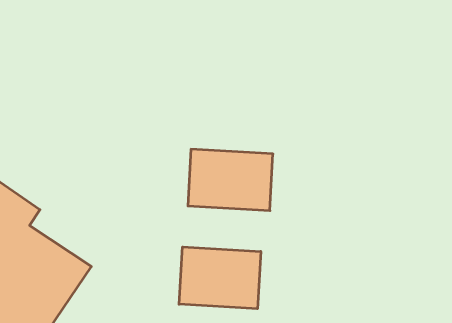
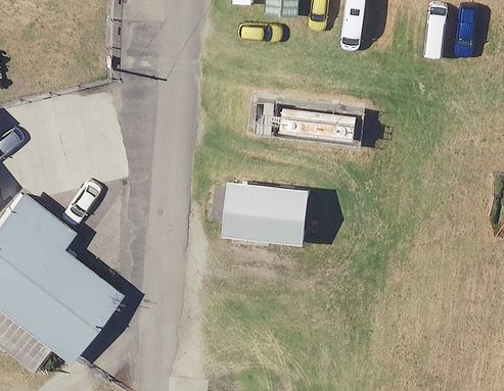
building: [179,247,261,309] -> none

